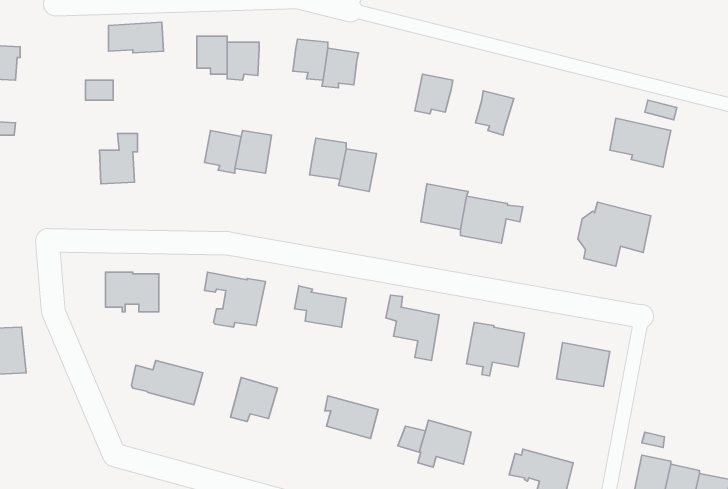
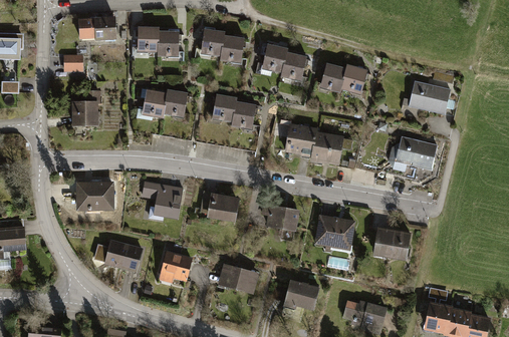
building: none -> [262,44,287,72]
building: none -> [340,65,366,91]

